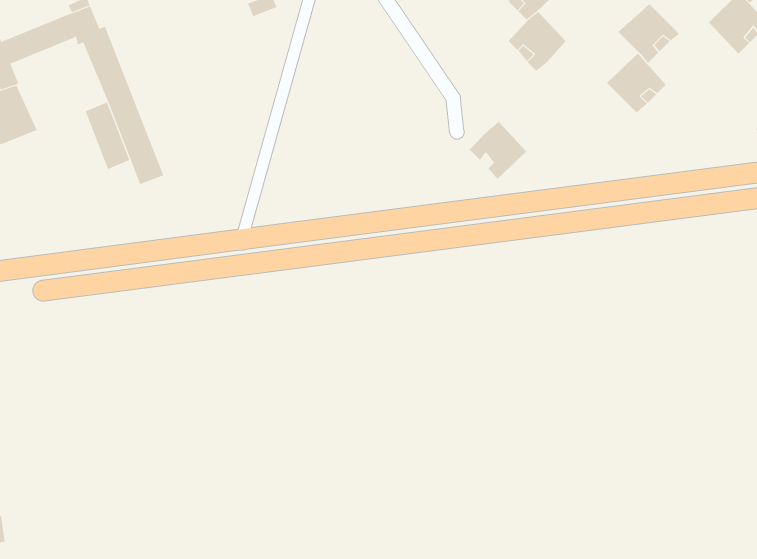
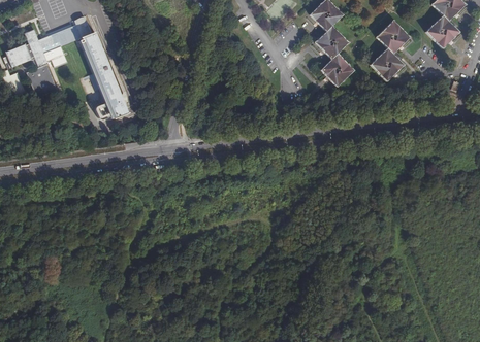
building: [469,121,527,180] -> [320,52,352,83]

